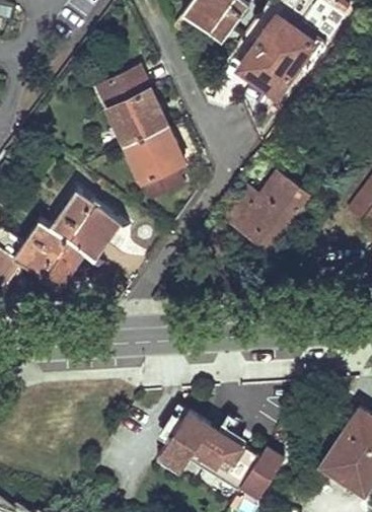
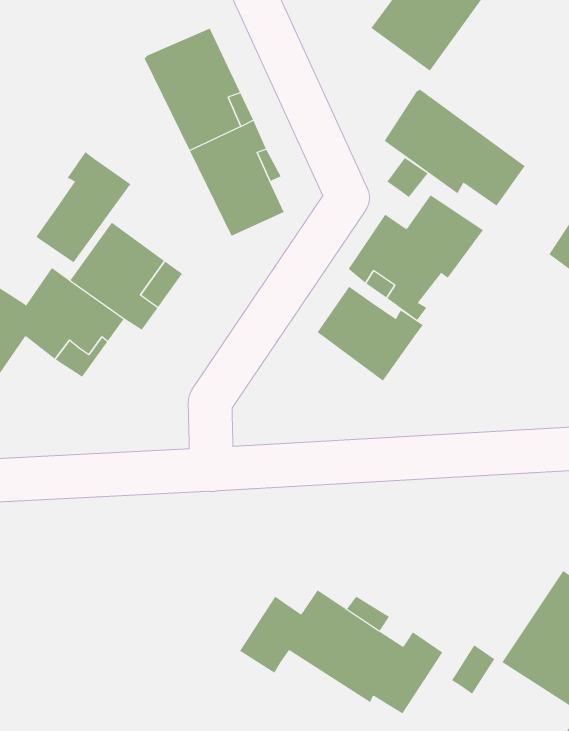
building: none -> [384,89,525,207]
building: none -> [35,151,131,263]
building: none -> [317,286,423,381]

